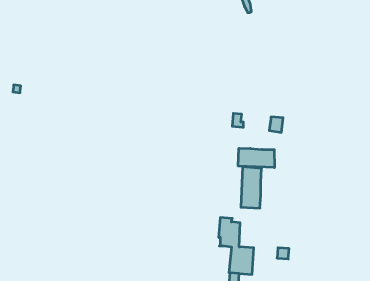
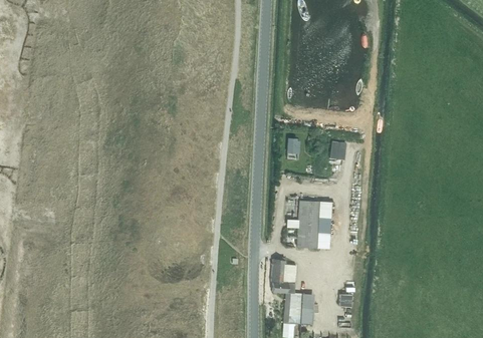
building: [238,148,274,168] -> none

